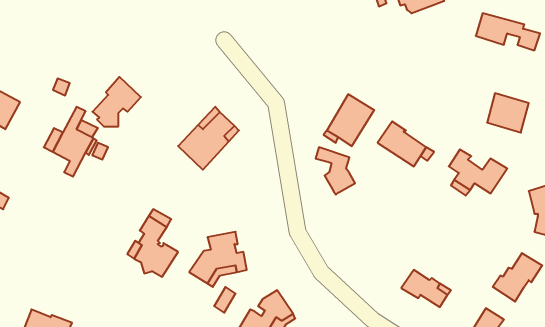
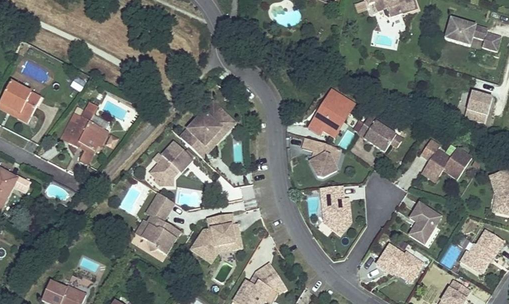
building: [92,77,141,126] -> [149,140,192,184]
building: none -> [320,185,351,235]
building: none -> [402,202,437,243]

